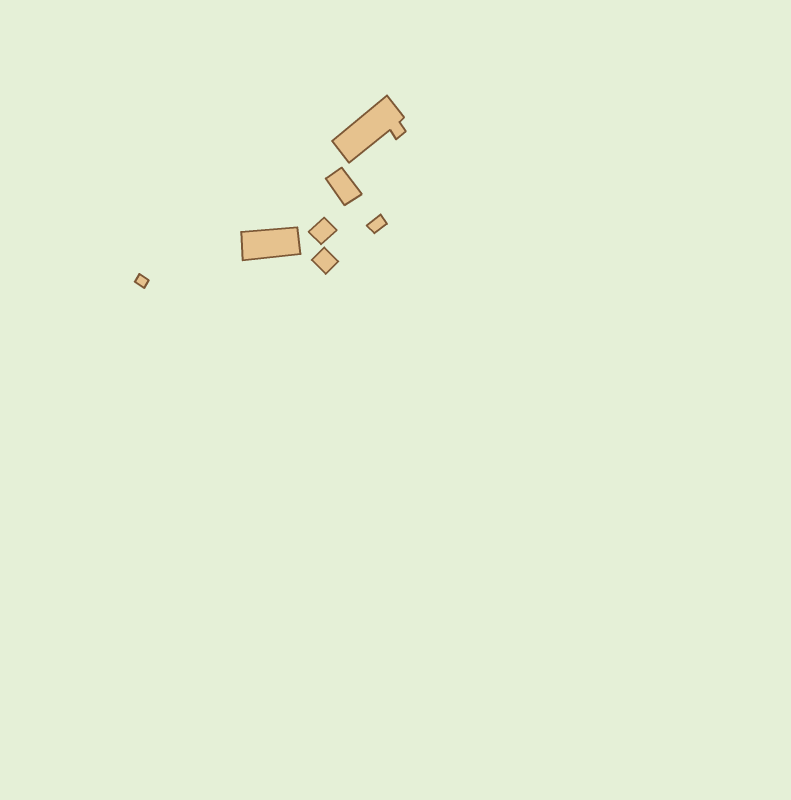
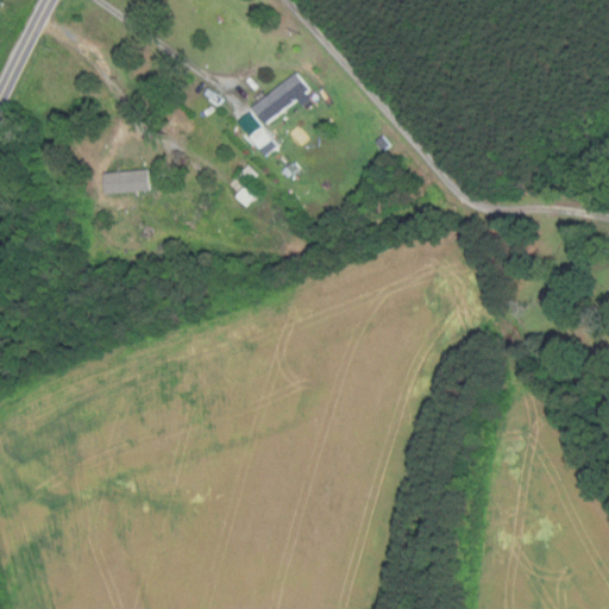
building: [241,227,301,260] -> [103,170,149,195]

